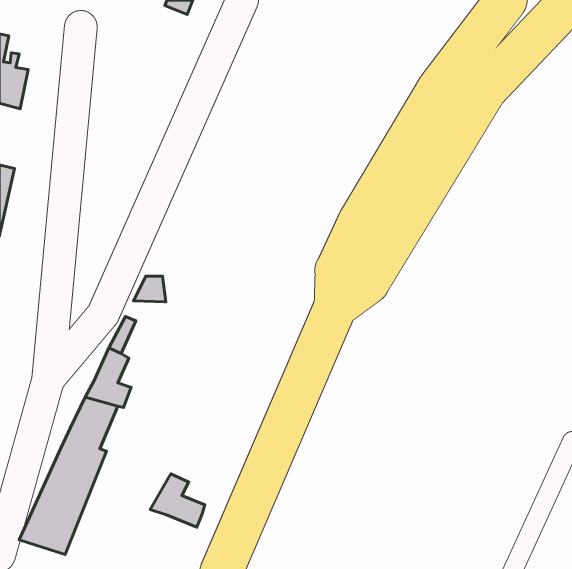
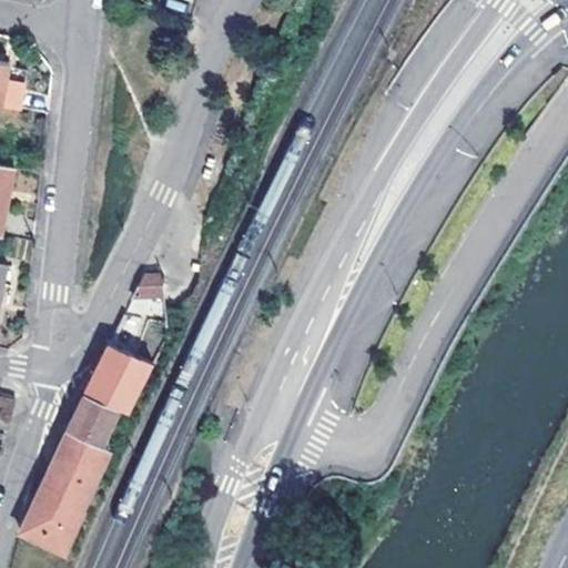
building: [150,474,205,527] -> none

